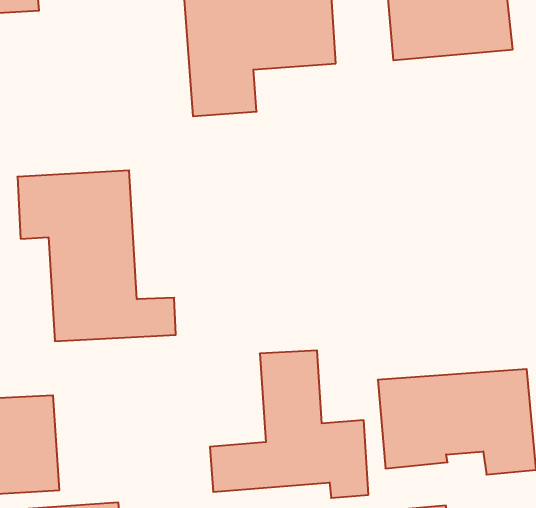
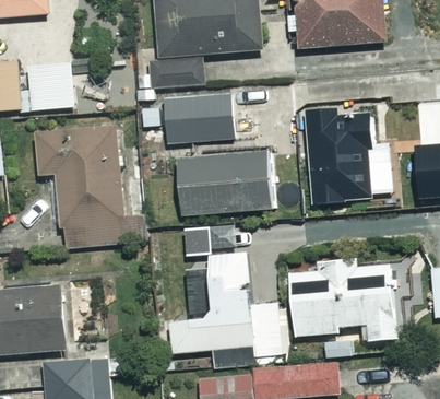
building: none -> [28,63,74,110]
building: none -> [165,94,237,143]
building: none -> [309,114,393,200]
building: none -> [176,151,269,216]

